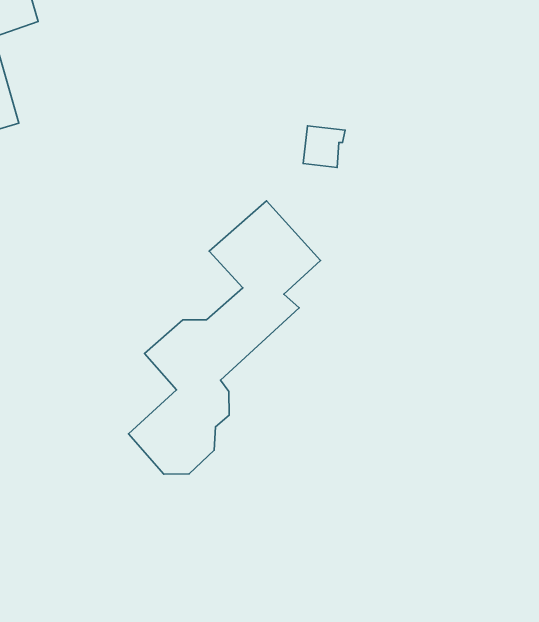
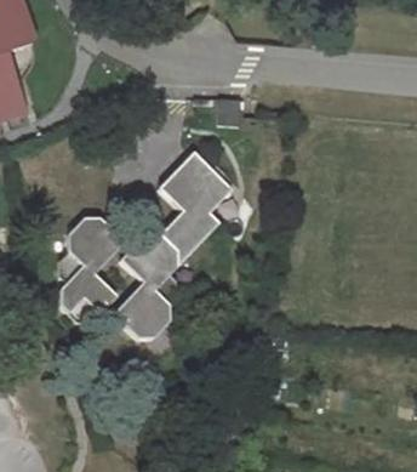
building: none -> [59,217,125,320]

